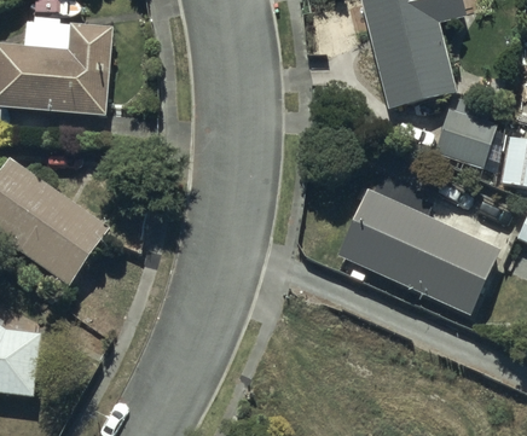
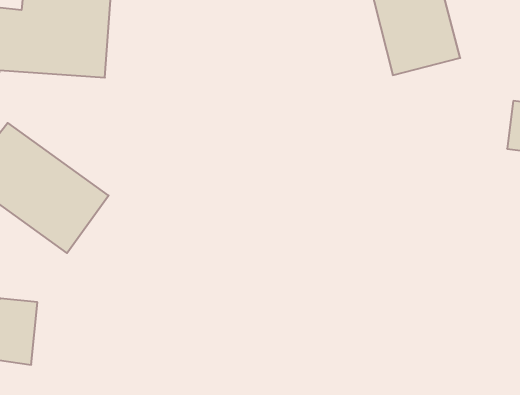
building: [434,107,497,167] -> none
building: [337,188,499,314] -> none

